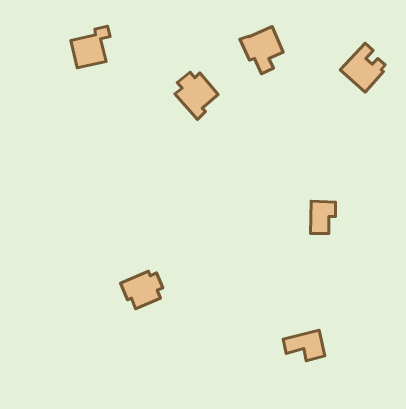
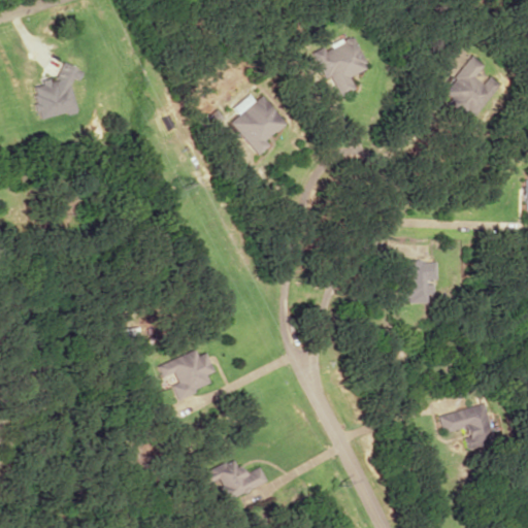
building: [71,26,110,68] -> [33,65,84,119]
building: [283,330,325,361] -> [439,403,493,442]
building: none -> [204,458,267,499]

